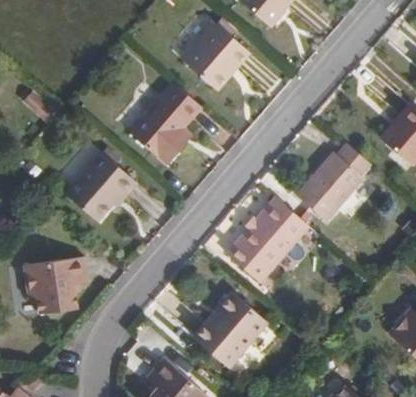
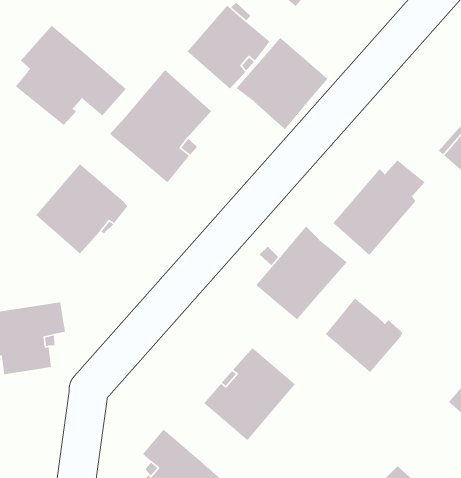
building: none -> [15,25,127,126]
building: none -> [236,37,328,130]
building: none -> [325,297,403,373]

